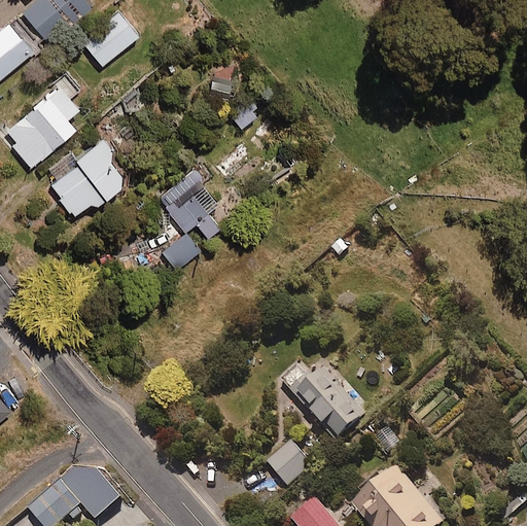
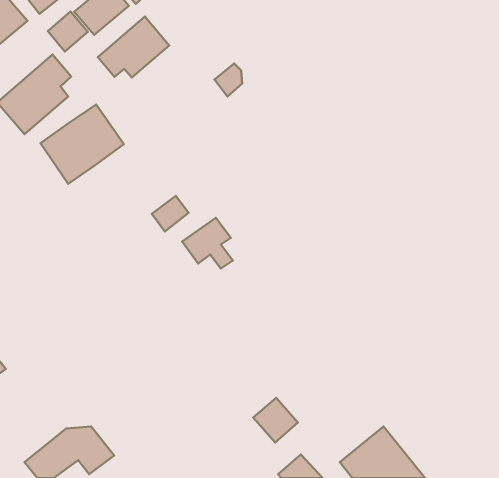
building: none -> [48,12,88,51]
building: none -> [98,17,169,77]
building: [167,184,219,237] -> [182,218,233,268]
building: [281,361,367,444] -> none

